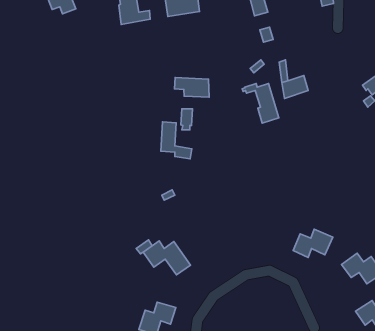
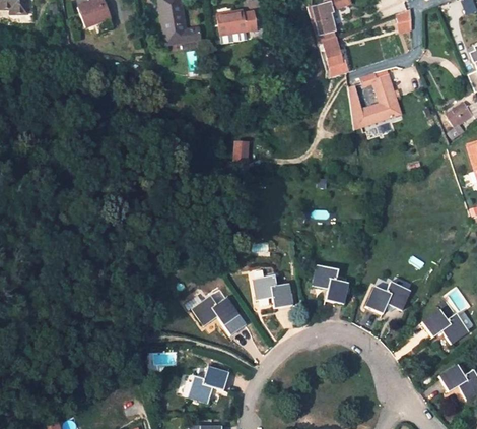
building: [174,77,209,97] -> none
building: [242,84,279,123] -> [359,75,402,121]
building: [161,122,192,159] -> none
building: none -> [312,264,349,304]
building: none -> [253,274,293,308]

